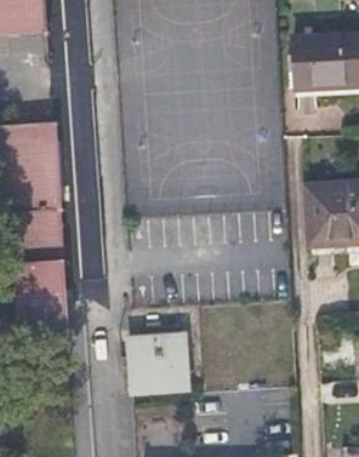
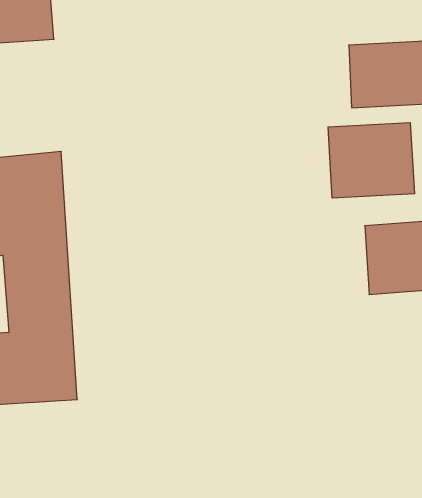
building: none -> [328,123,414,198]
building: [132,339,189,395] -> none

